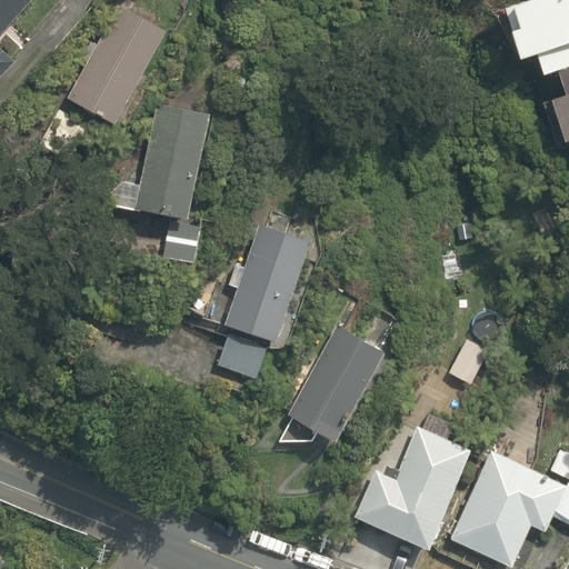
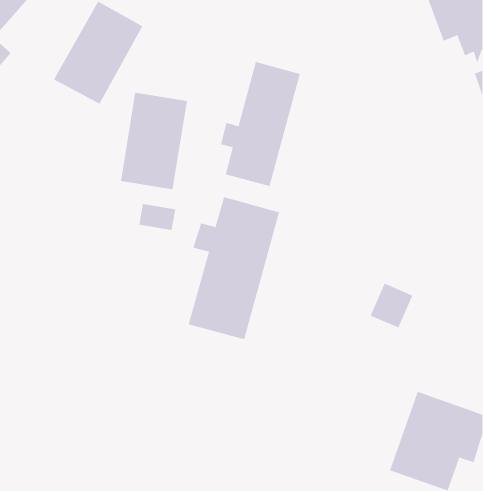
building: none -> [221,61,301,187]
building: [295,329,397,448] -> none
building: [352,425,479,552] -> none

